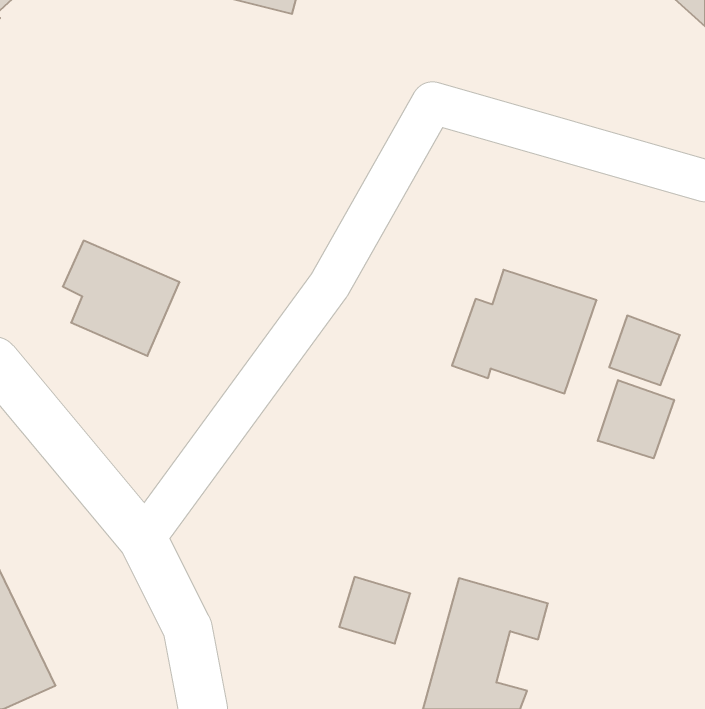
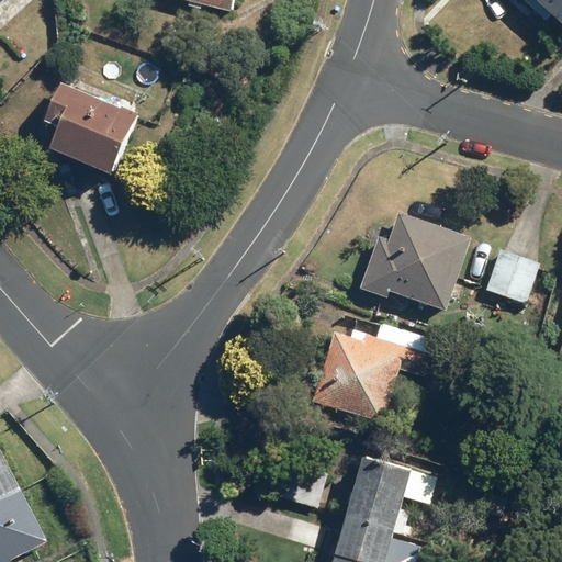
building: [63,241,180,356] -> [45,82,137,173]
building: [598,380,674,458] -> none
building: none -> [311,323,435,423]

